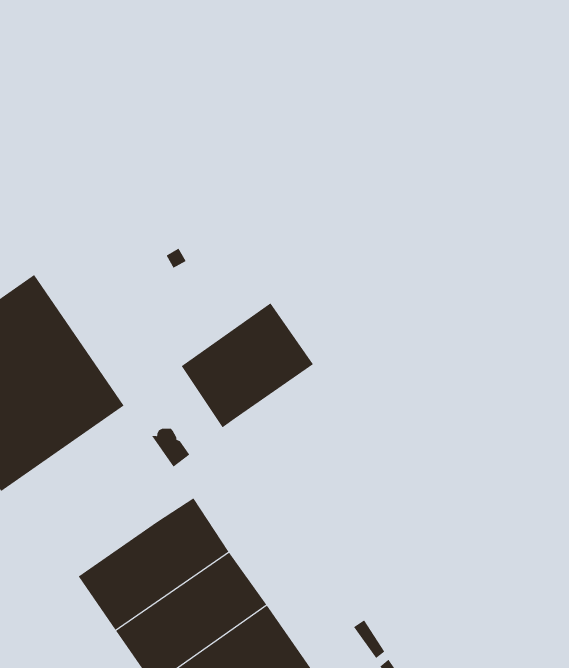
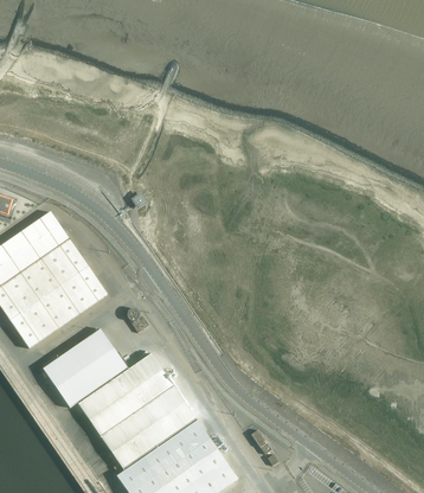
building: [181,302,314,428] -> [43,328,127,408]

